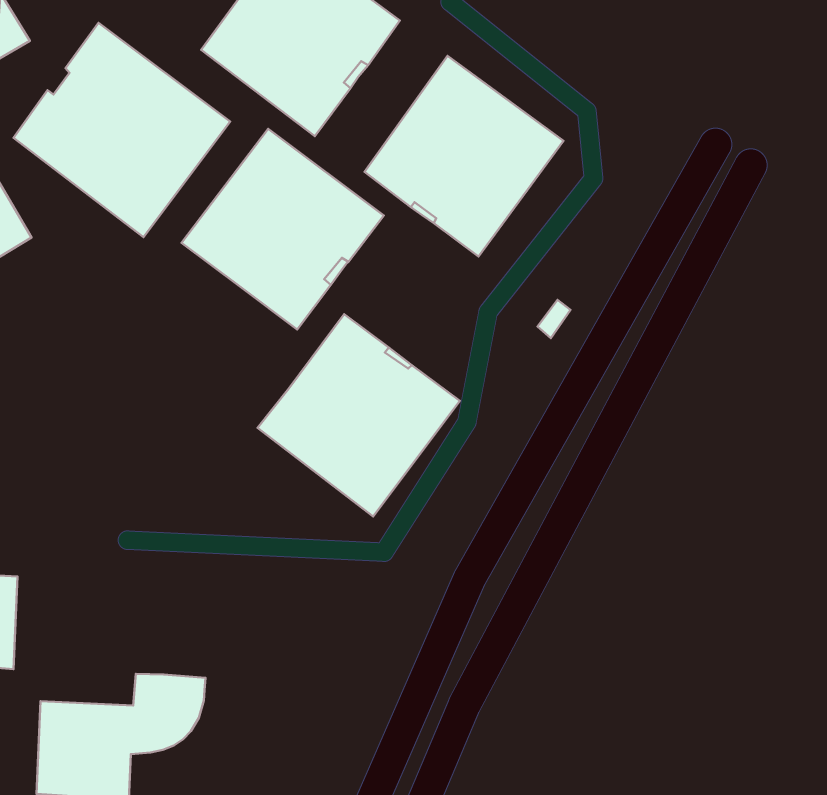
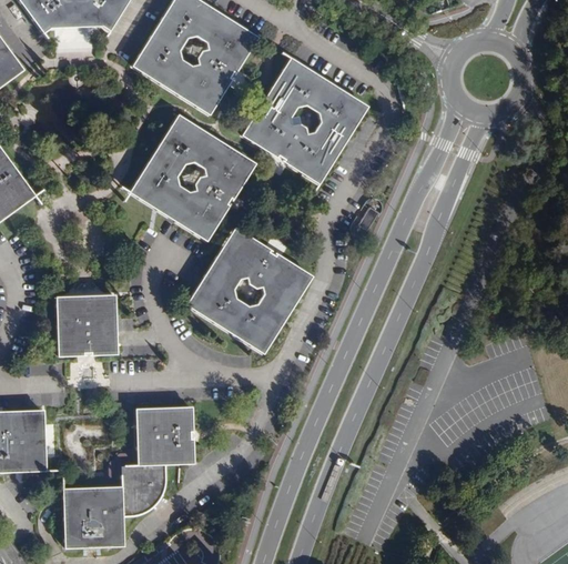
building: [14,23,230,237] -> none
building: none -> [57,294,118,354]
building: none -> [139,409,194,464]

